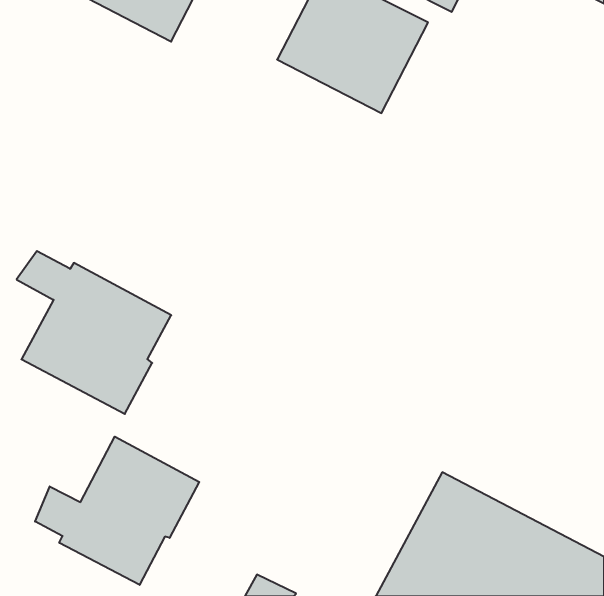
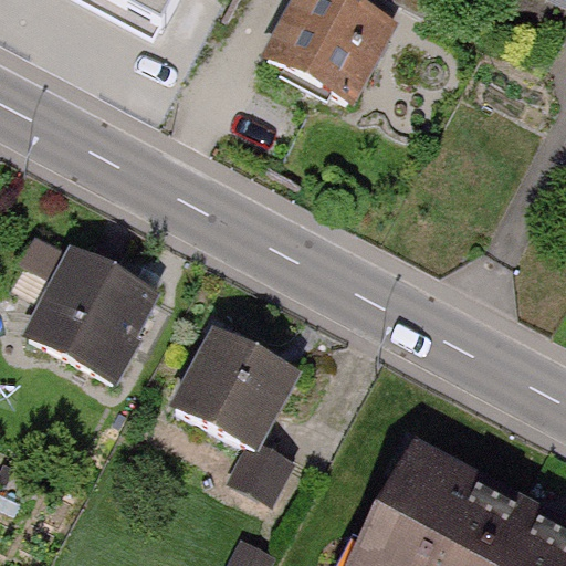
building: none -> [169,324,302,504]
building: [35,437,199,585] -> none

